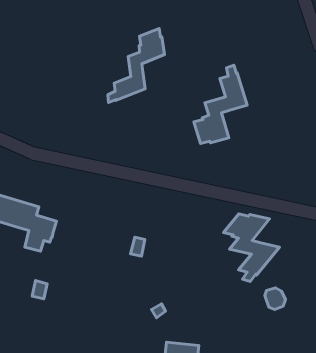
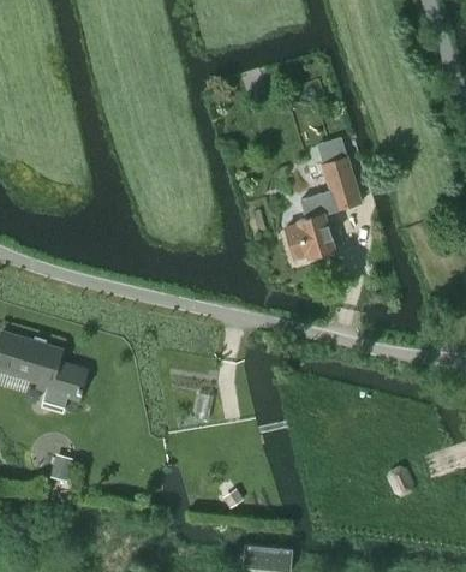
building: [108,28,164,102] -> none
building: [223,214,279,281] -> none

